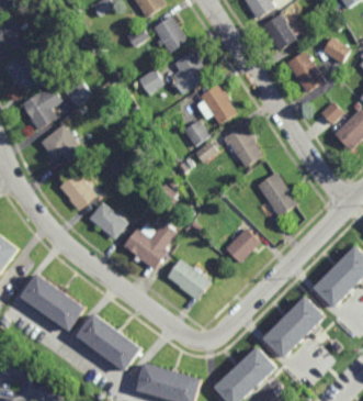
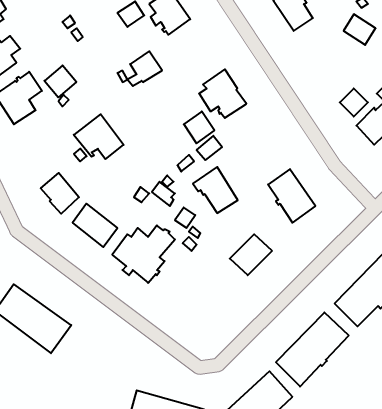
building: [171,51,209,96] -> none
building: [286,52,324,93] -> none
building: [223,125,261,165] -> [193,167,238,213]
building: [41,126,83,165] -> [74,114,124,159]
building: [166,256,211,300] -> none
building: [78,309,141,369] -> none

